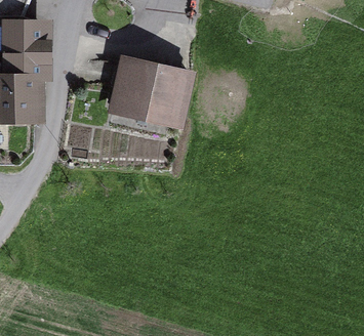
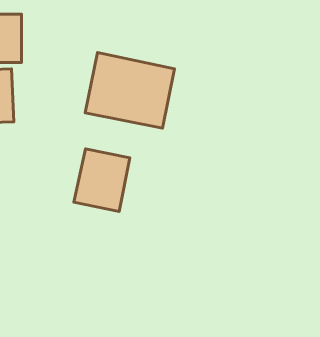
building: none -> [74,149,130,211]

